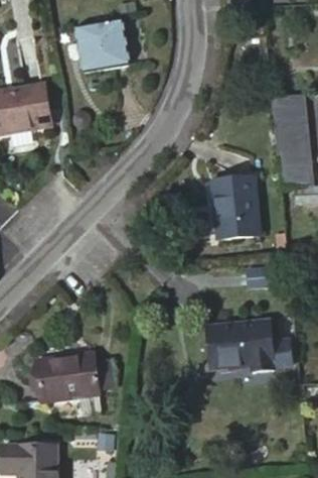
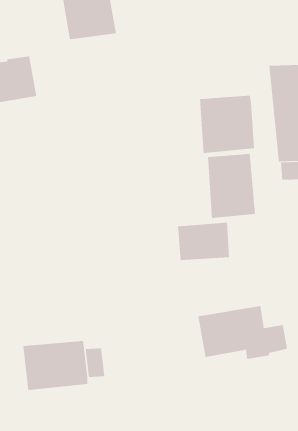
building: none -> [199,95,254,154]
building: none -> [178,222,229,261]

